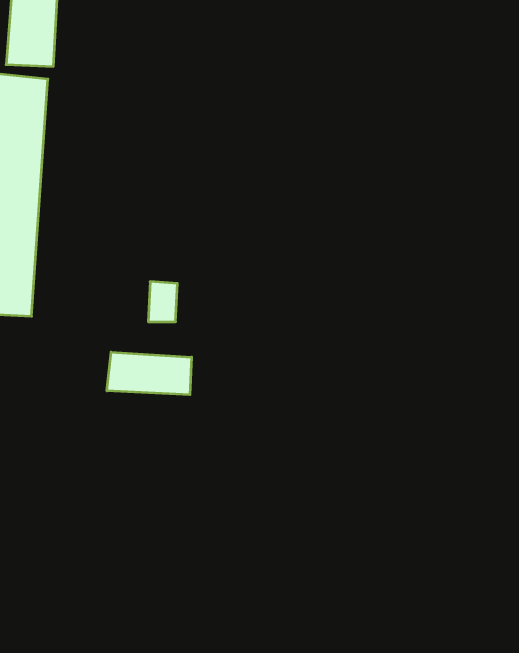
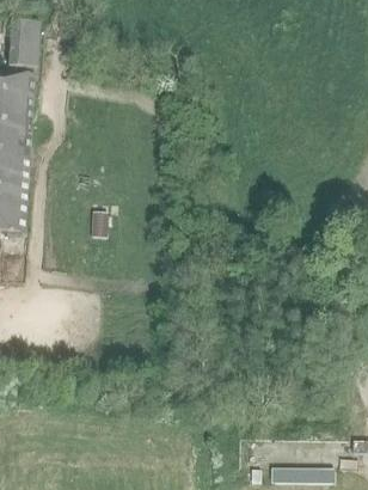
building: [107,352,192,395] -> none

